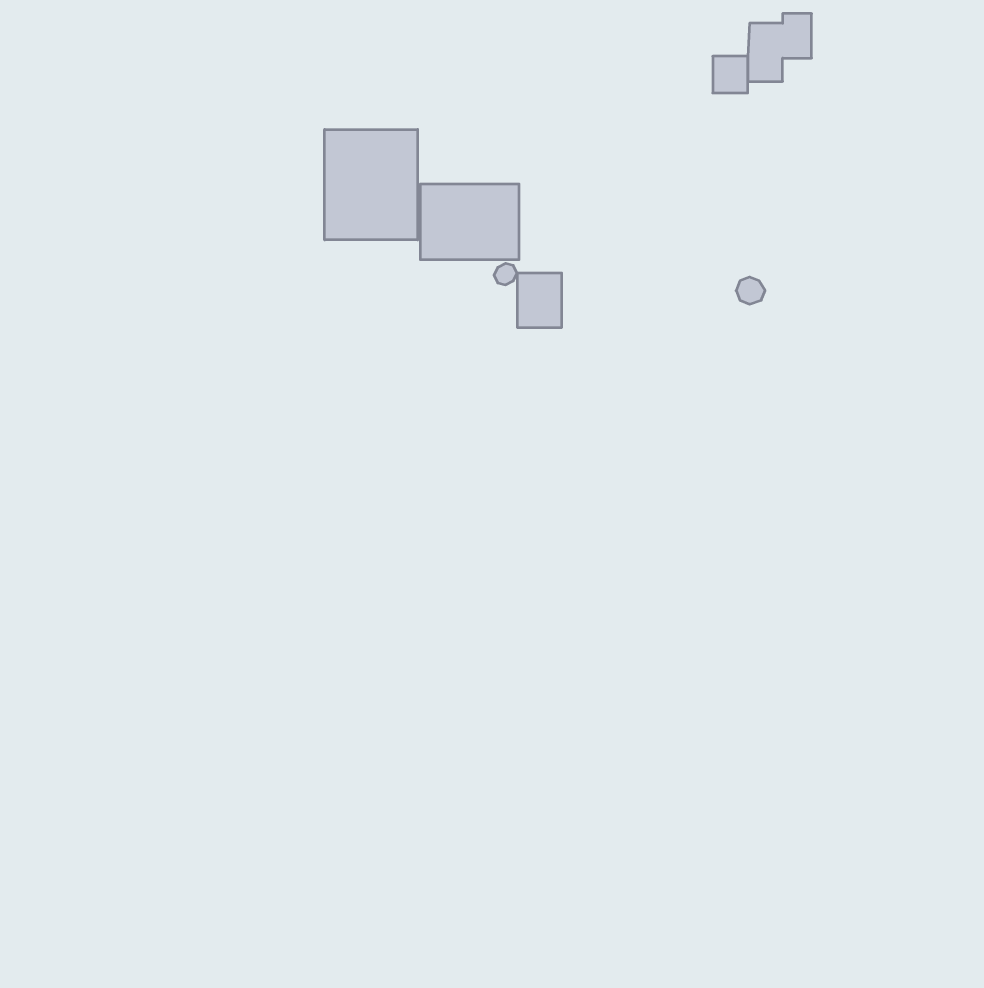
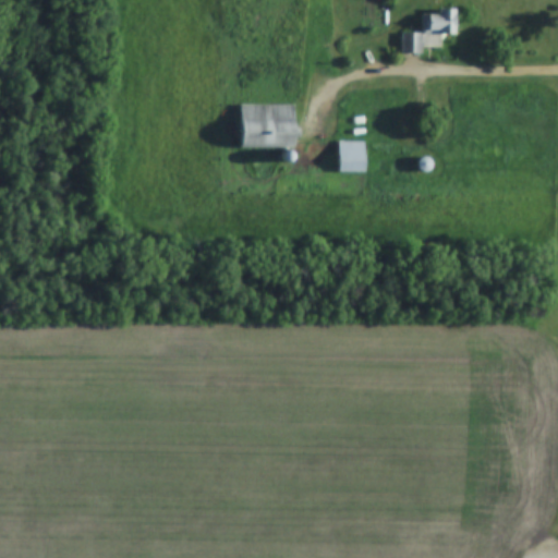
building: [325,129,418,240] -> none
building: [517,273,562,327] -> [340,141,365,171]

